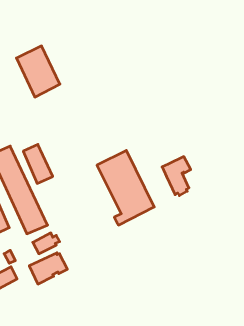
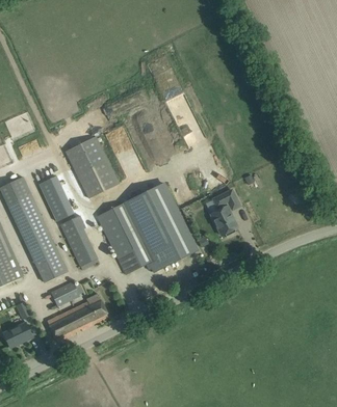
building: [16,46,60,97] -> [64,136,116,197]
building: none -> [95,199,156,273]
building: none -> [59,214,97,265]
building: none -> [79,292,108,324]

